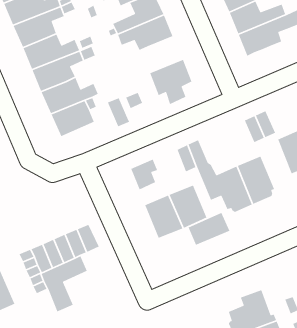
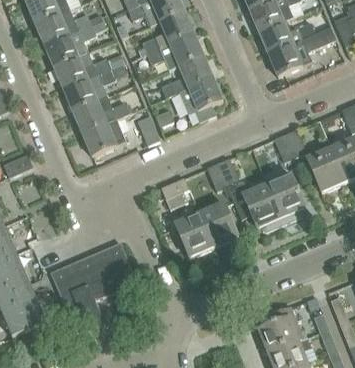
building: none -> [162,56,214,98]
building: [187,212,231,246] -> none

